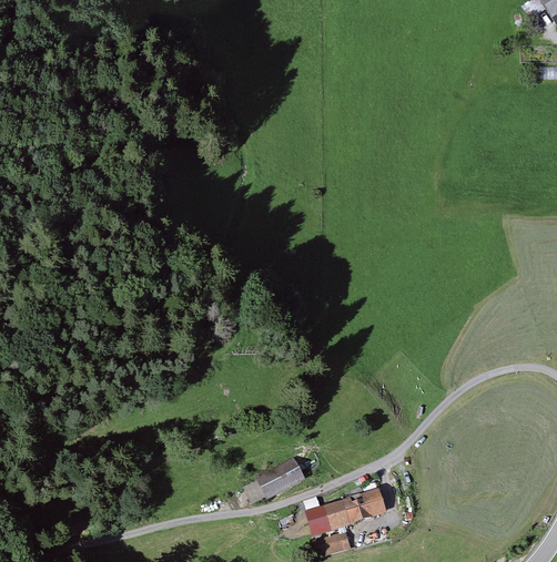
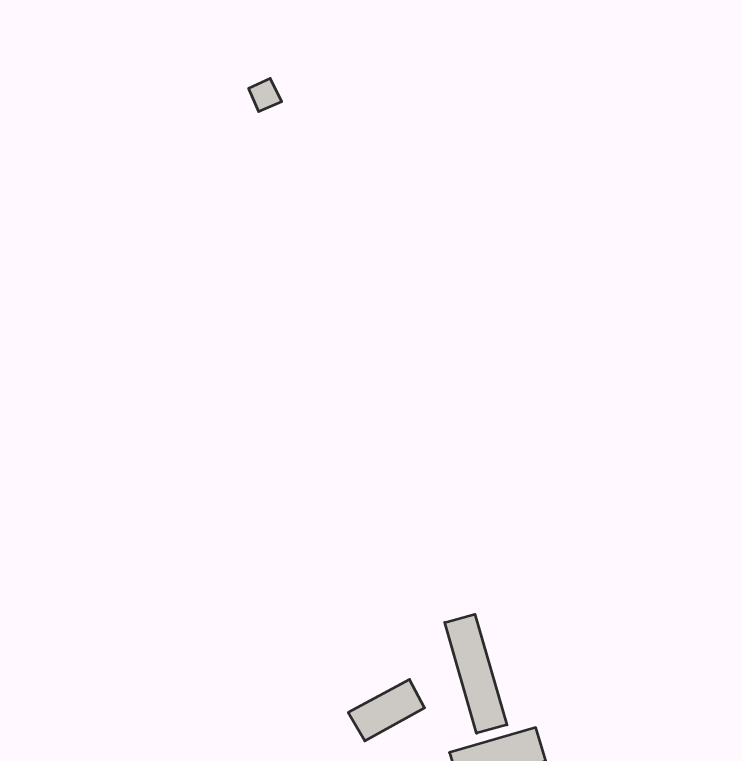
building: none -> [445,614,507,733]

